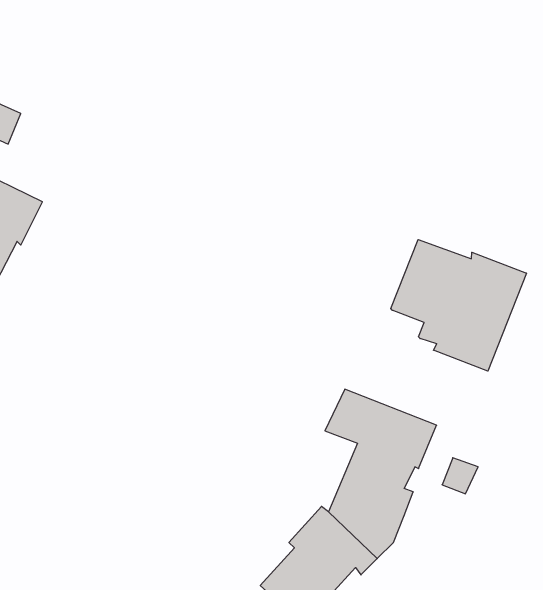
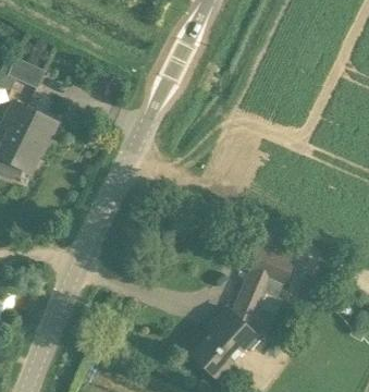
building: [391,240,526,371] -> none

